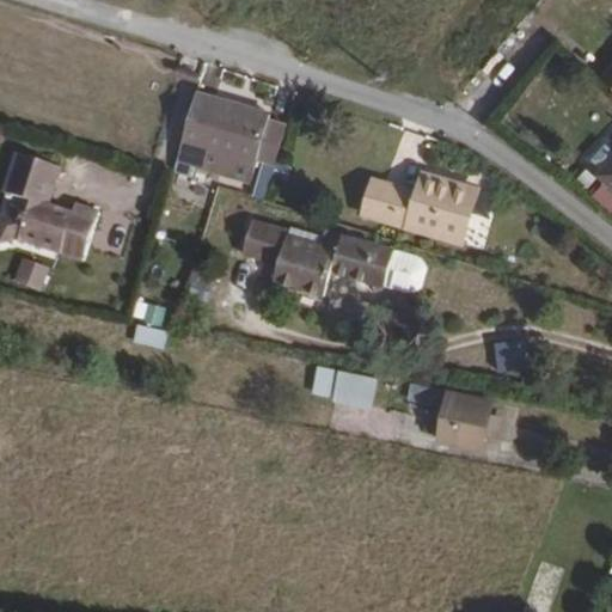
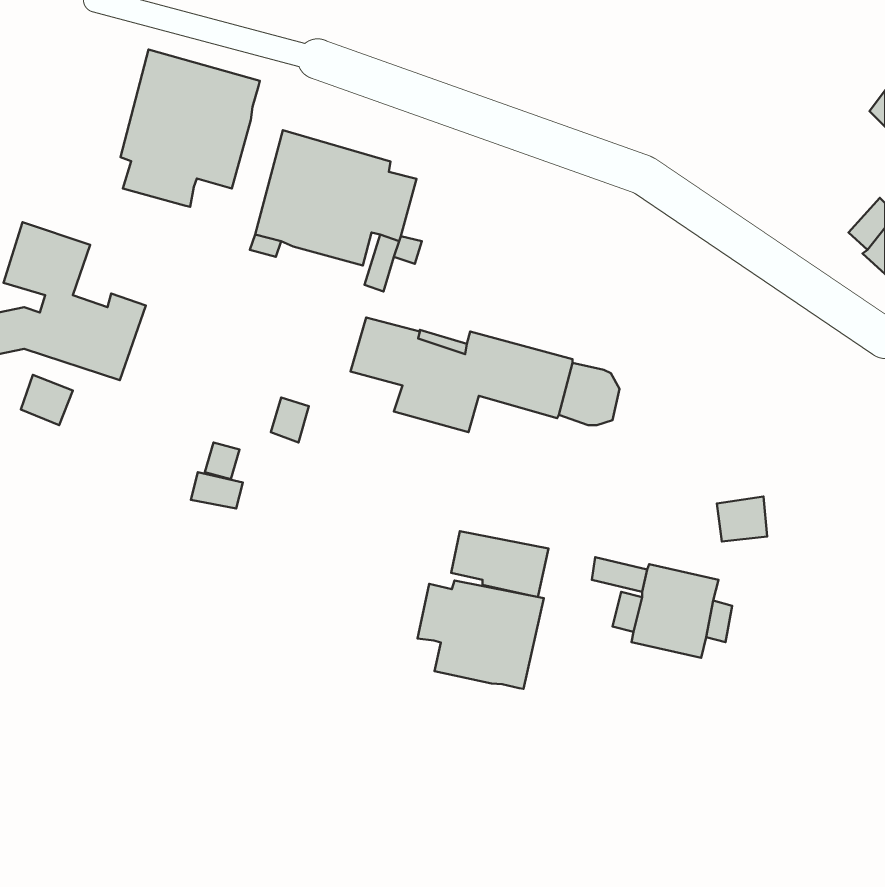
building: none -> [121,50,260,207]
building: [359,170,481,247] -> none
building: none -> [418,581,544,689]

